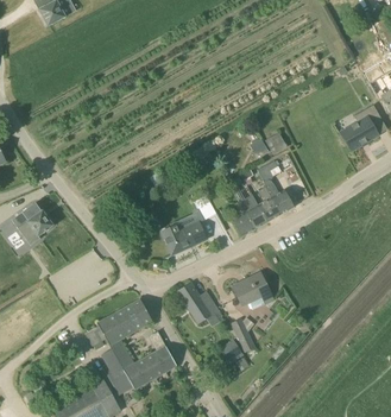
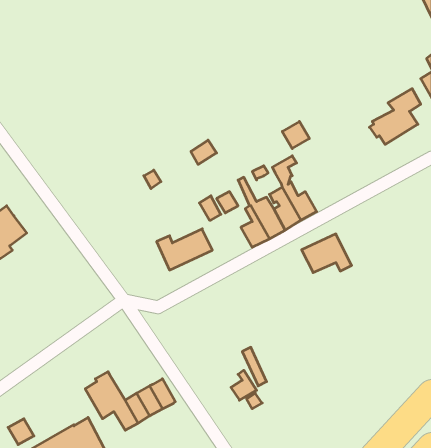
building: [232,273,273,305] -> [302,234,352,273]
building: [177,283,219,323] -> none
building: [96,298,152,346] -> none

